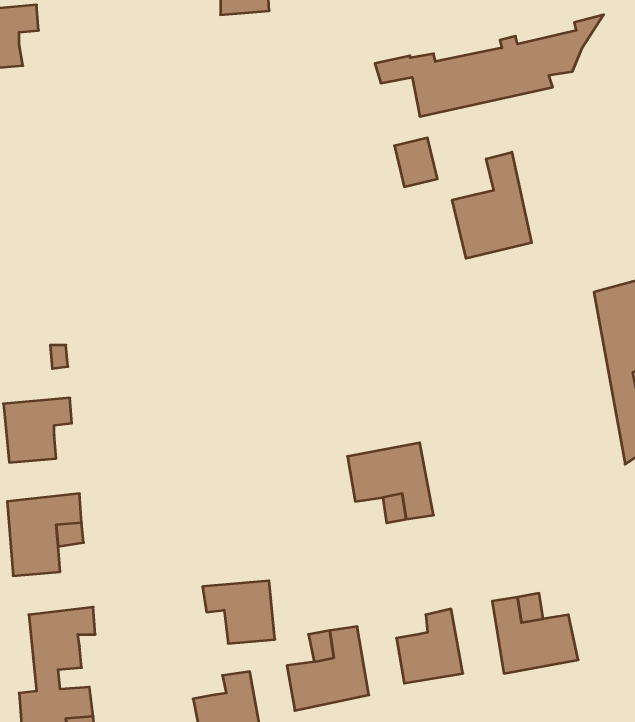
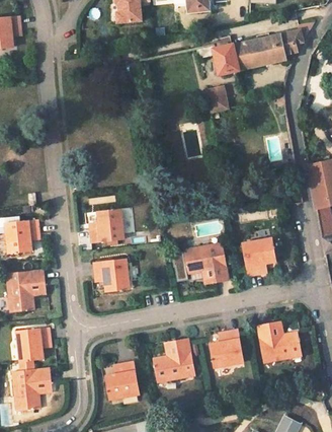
building: [452,152,532,258] -> none
building: none -> [92,208,128,241]
building: none -> [240,237,274,276]
building: [203,581,275,643] -> [94,260,132,292]

